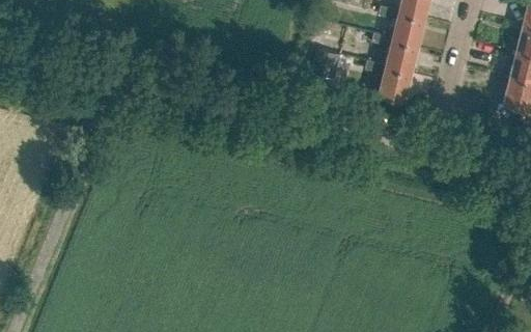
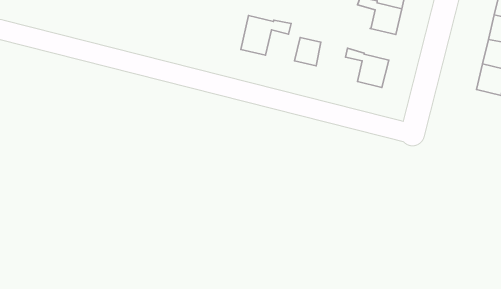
building: none -> [241,15,291,55]
building: [372,34,419,74] -> none

